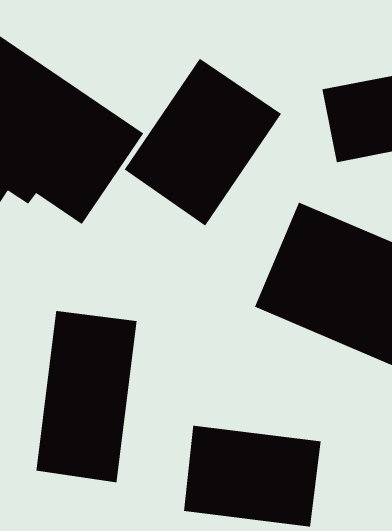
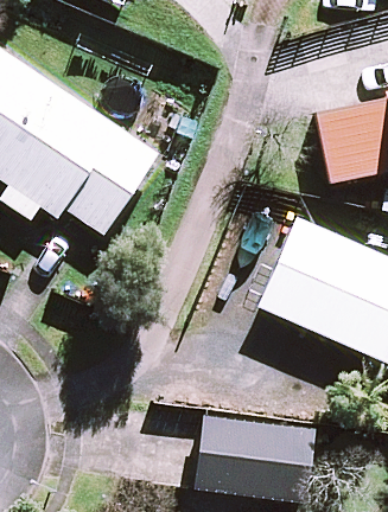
building: [124,58,282,226] -> none
building: [36,310,137,483] -> none

